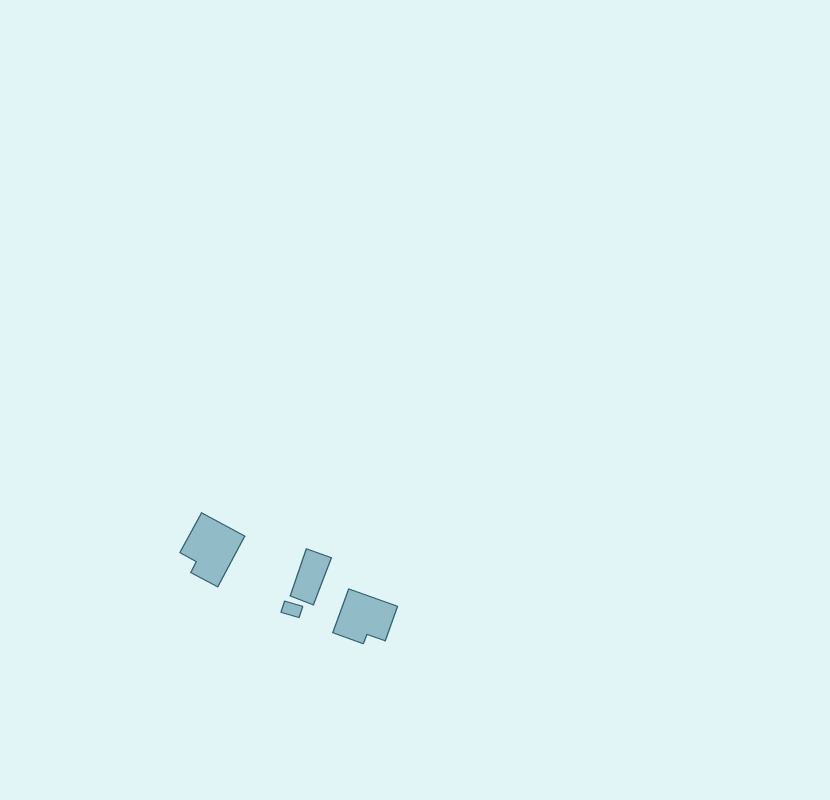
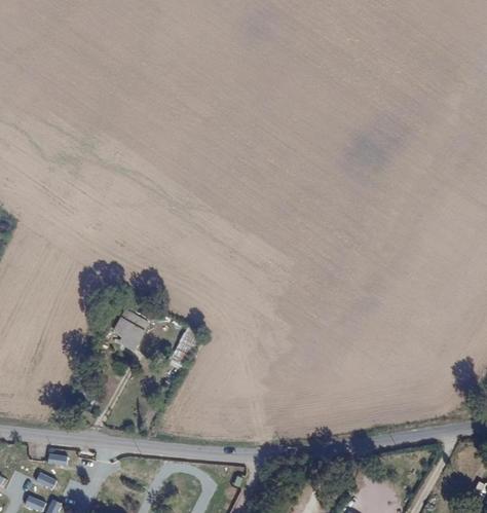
building: [333,589,397,644] -> none

